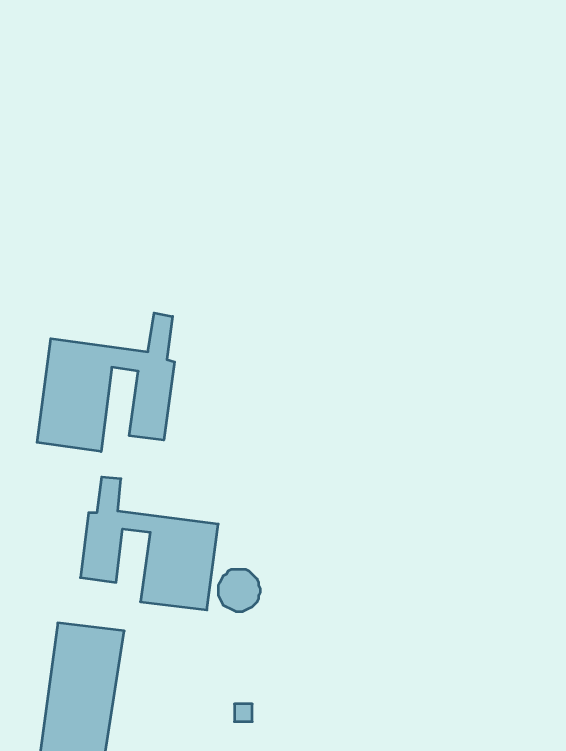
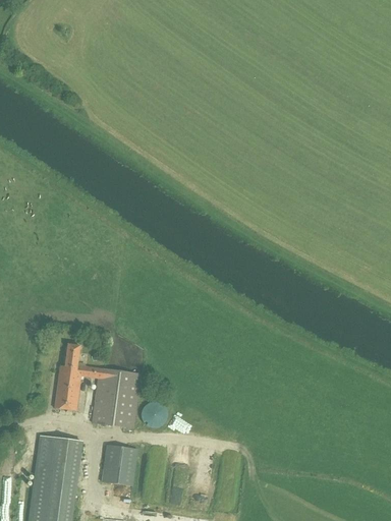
building: [37,313,175,452] -> none
building: none -> [101,445,137,486]

